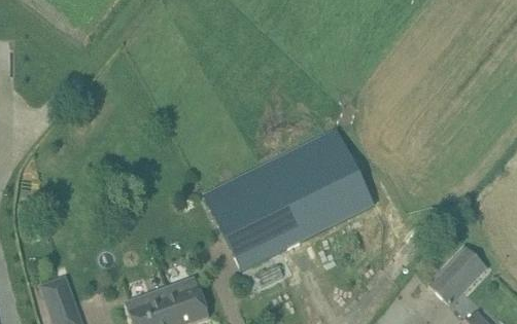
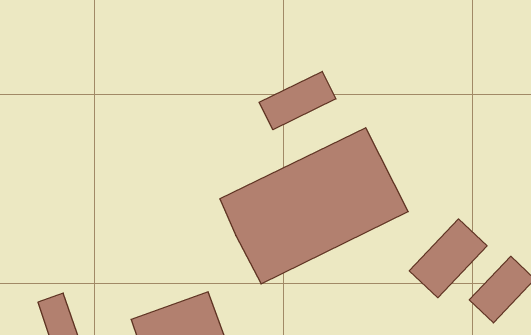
building: none -> [259,71,336,130]
building: none -> [409,219,487,298]

